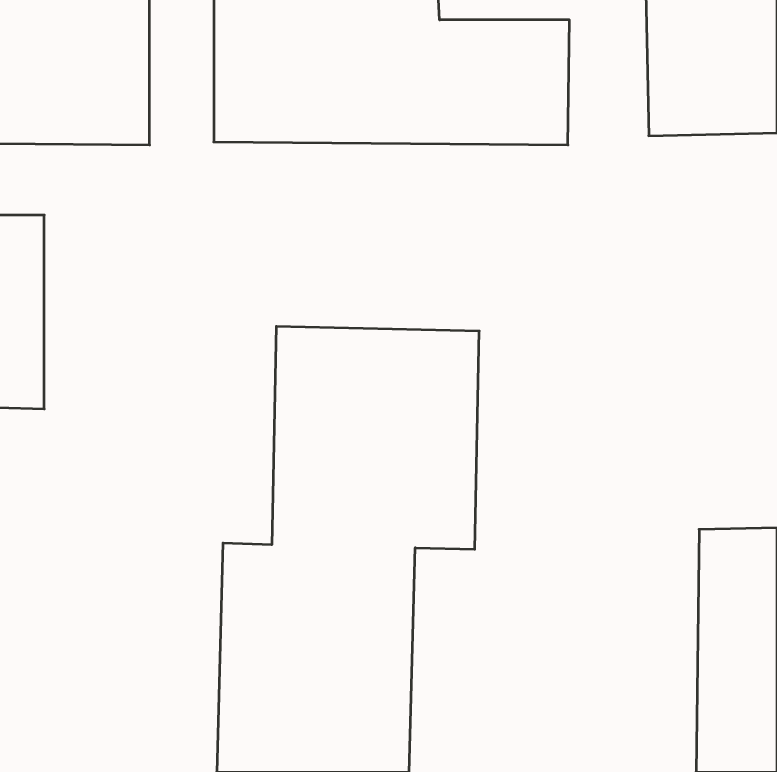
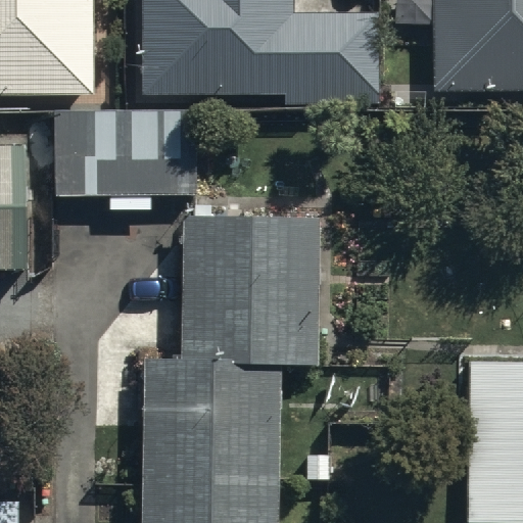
building: none -> [46,111,192,212]

